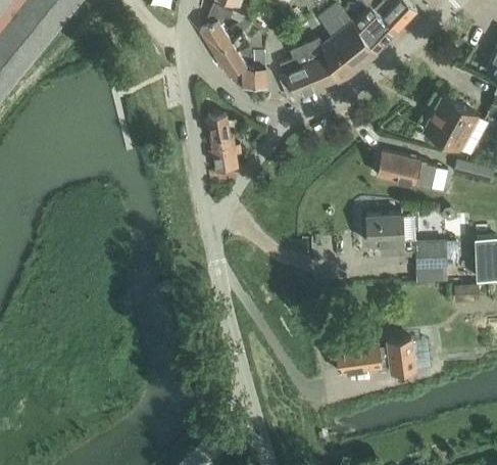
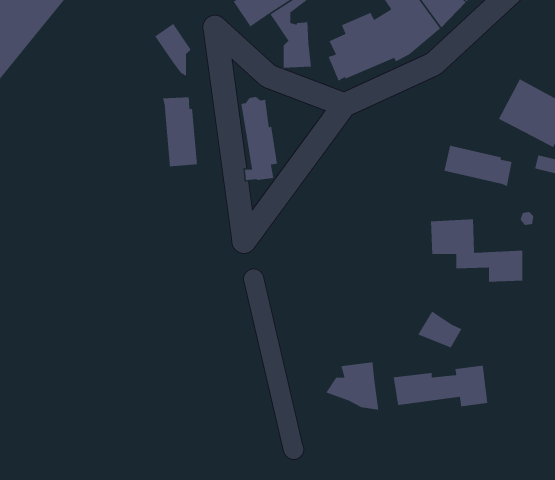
building: [214,42,246,88] -> [154,23,192,77]
building: none -> [162,97,198,167]
building: none -> [417,311,462,348]
building: none -> [325,361,379,411]

